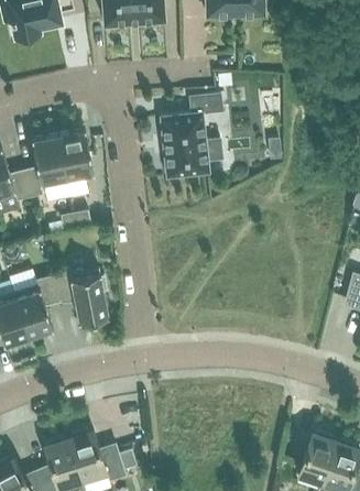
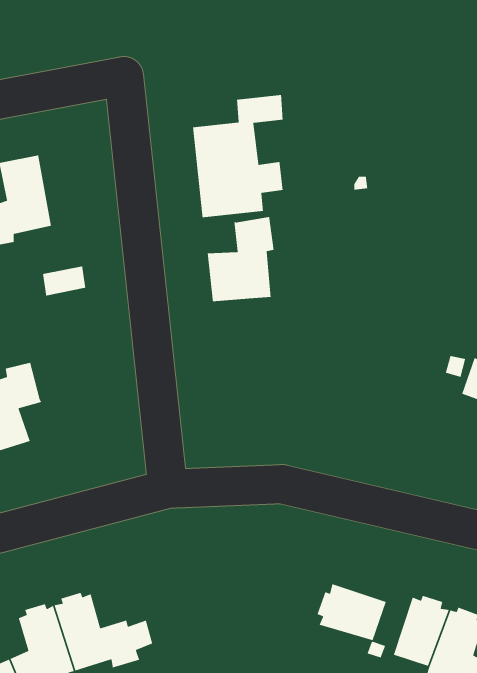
building: [58,131,95,185] -> none
building: none -> [207,216,275,302]
building: [53,270,108,327] -> none
building: none -> [317,583,387,641]

